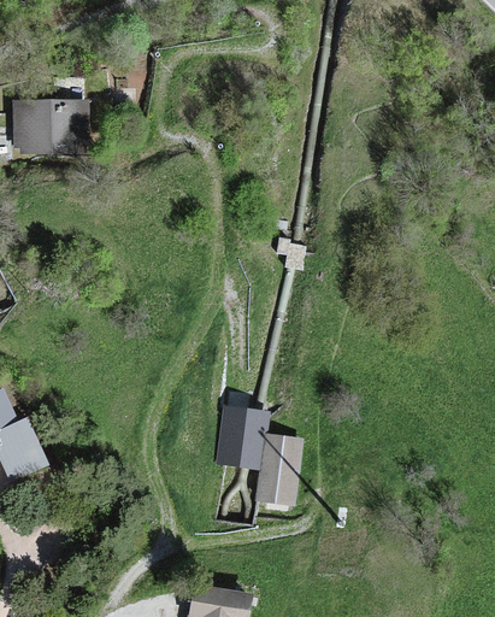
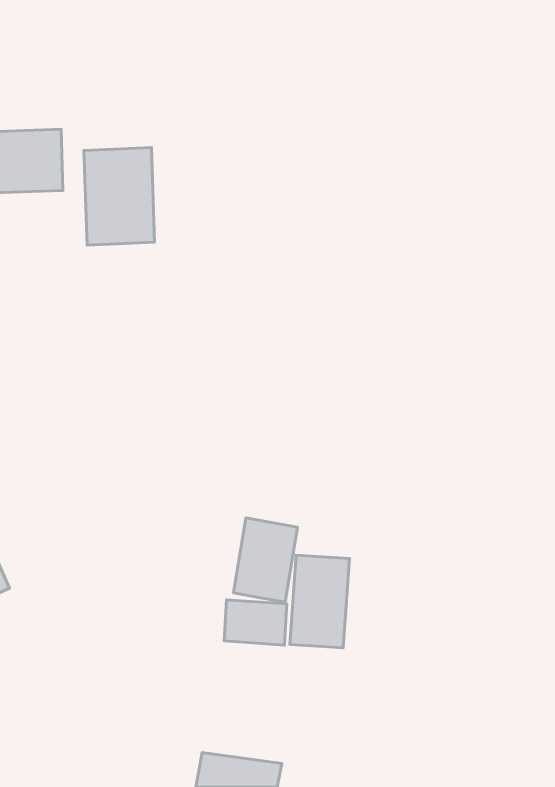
building: none -> [84,148,155,245]
building: none -> [224,600,287,645]

